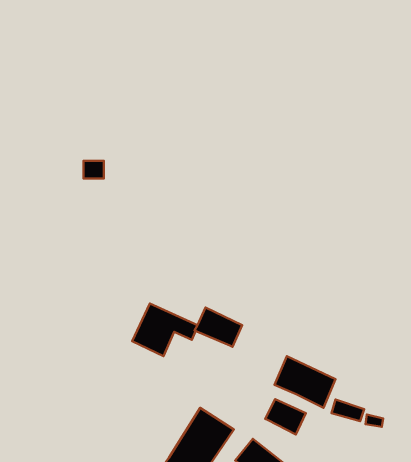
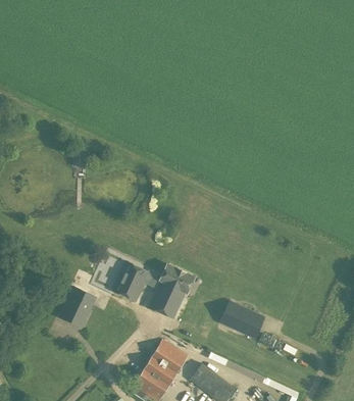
building: none -> [148,282,185,318]
building: none -> [59,287,96,328]
building: [265,399,306,435] -> none

